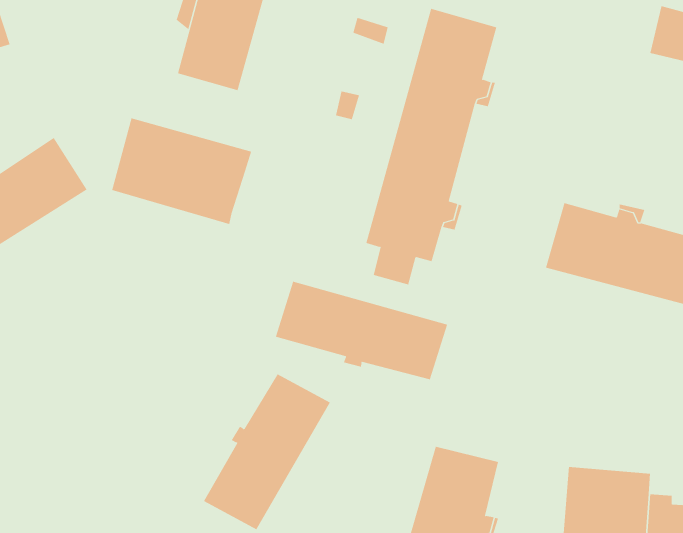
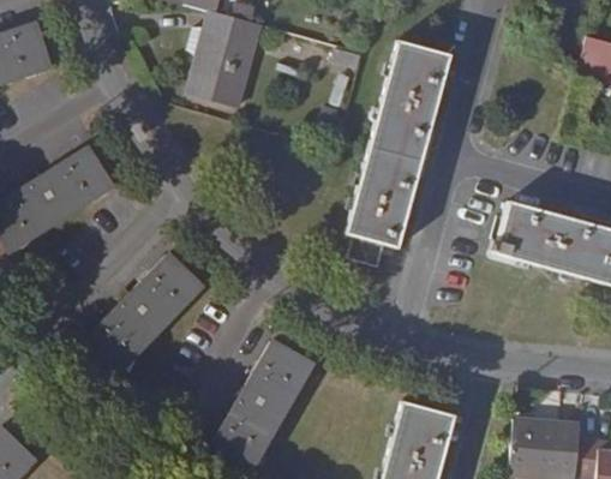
building: [111,117,252,225] -> none
building: none -> [83,253,203,376]
building: [275,281,448,380] -> none

